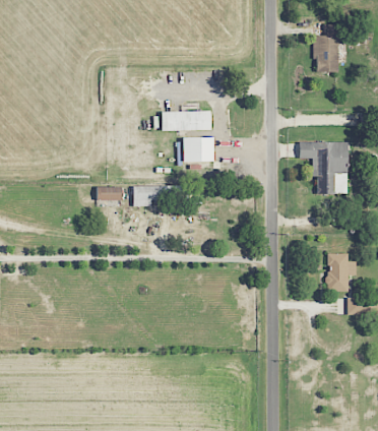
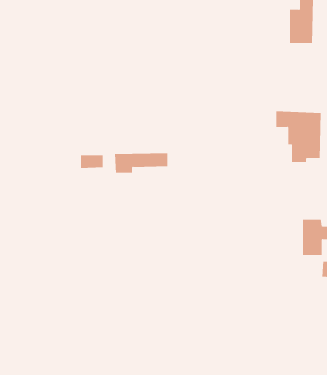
building: [161,111,210,131] -> none
building: [177,138,213,163] -> none

